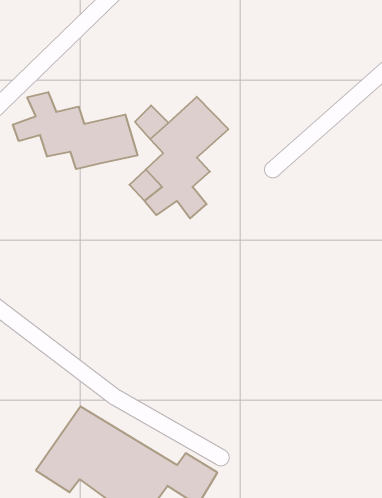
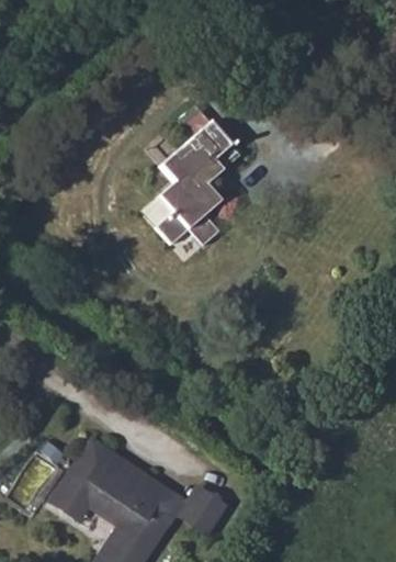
building: [13,92,138,169] -> none

